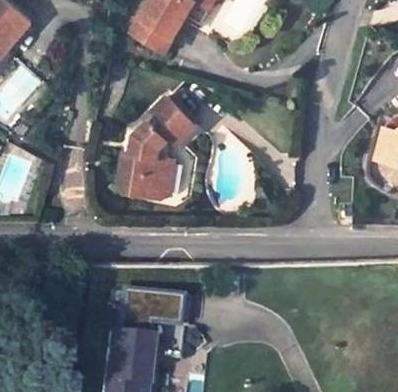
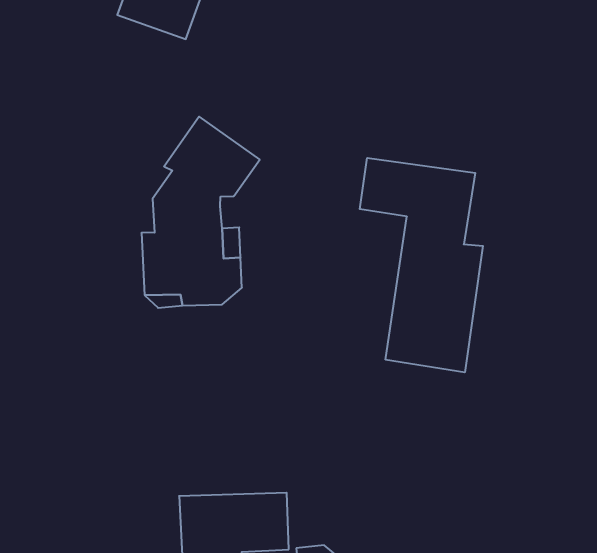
building: none -> [360,158,483,372]

